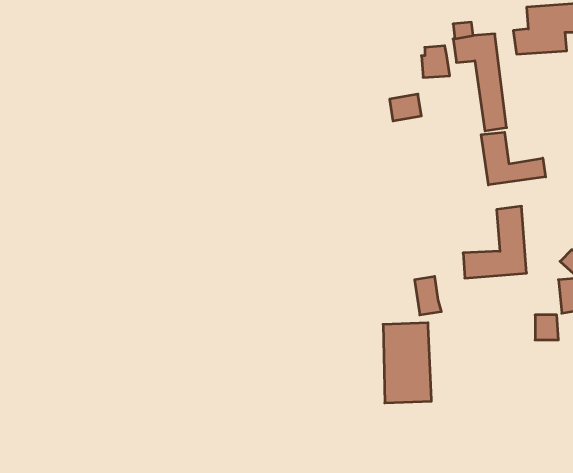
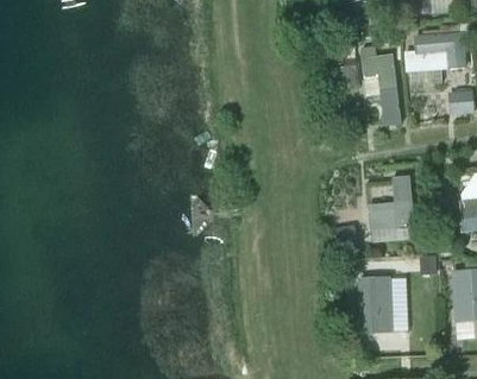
building: [481,132,546,185] -> none
building: [383,323,431,403] -> [358,277,393,334]

